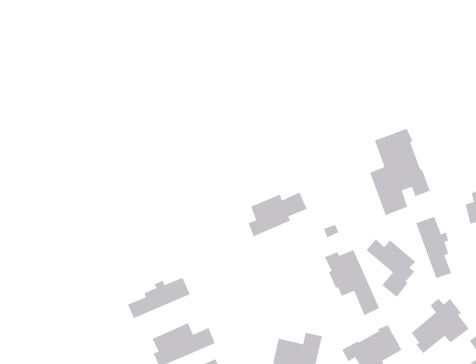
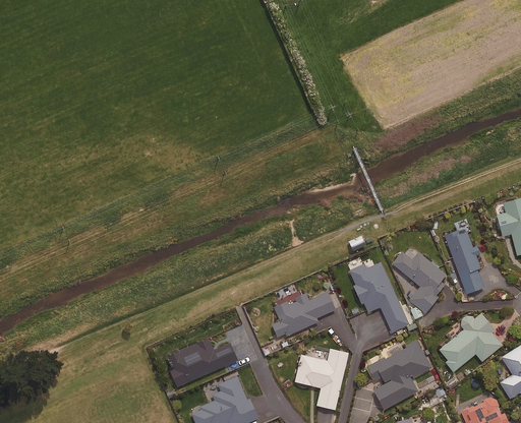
building: [369,128,431,216] -> none
building: [247,192,308,237] -> [272,292,335,340]
building: [127,277,191,319] -> none

